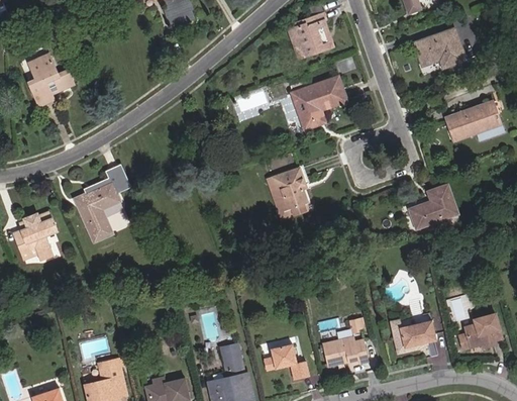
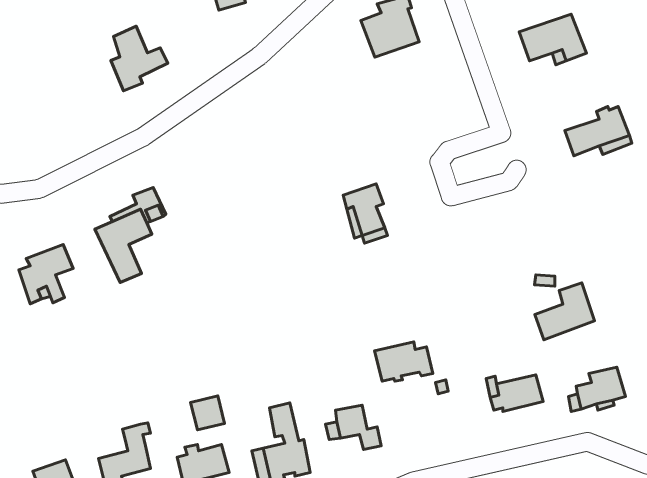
building: [31,56,77,107] -> [111,26,168,91]
building: [295,80,349,131] -> none
building: [413,189,460,234] -> [535,283,594,340]
building: none -> [191,396,225,430]
building: [319,336,366,368] -> [375,342,433,381]

